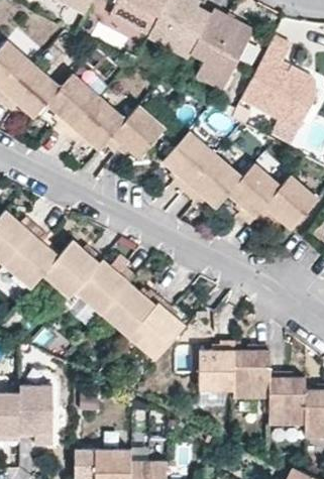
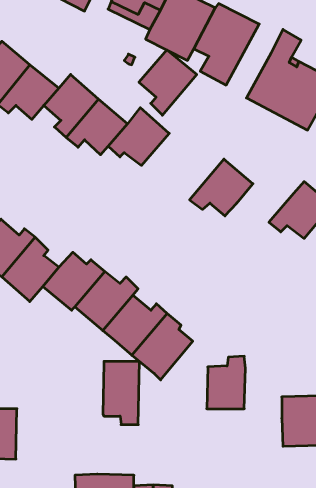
building: [161,131,216,193] -> [139,50,197,115]
building: [228,164,282,225] -> none
building: [235,351,271,398] -> none
building: [20,387,55,447] -> [103,361,139,425]

